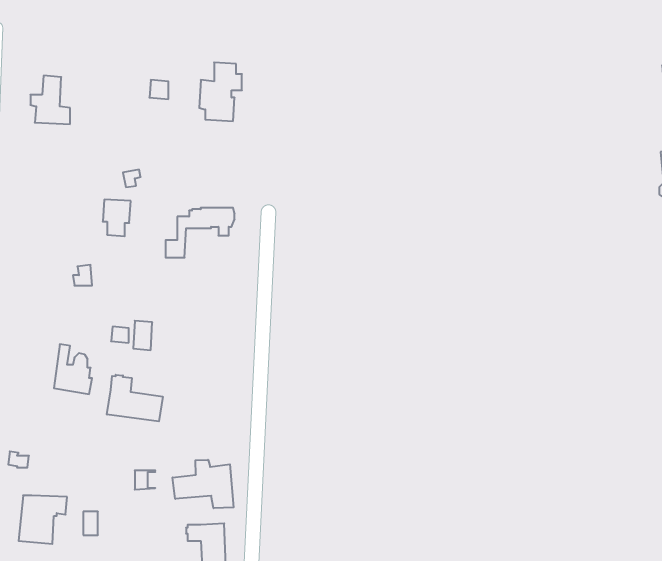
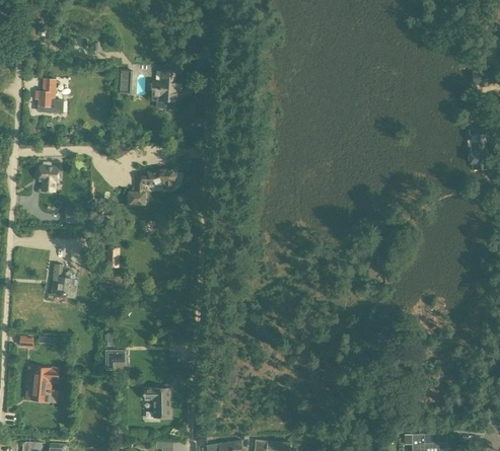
building: [103,200,131,236] -> [39,165,58,191]
building: [107,375,163,421] -> none
building: [173,460,234,508] -> none

